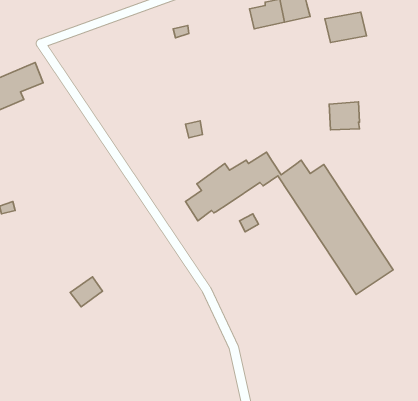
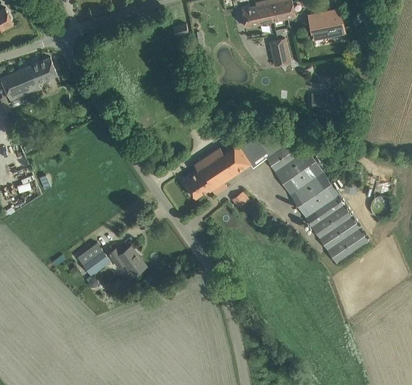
building: none -> [268,38,289,65]
building: none -> [107,245,143,275]

